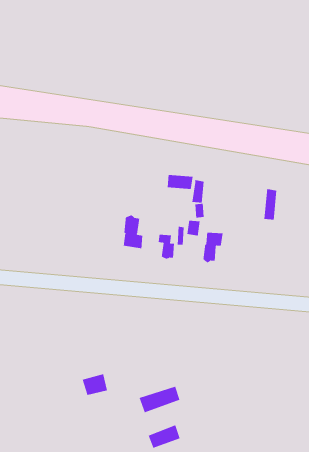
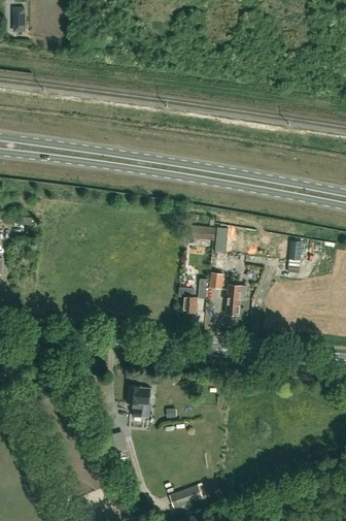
building: [123,214,143,249] -> none
building: none -> [127,385,151,417]
building: [139,386,180,413] -> none

